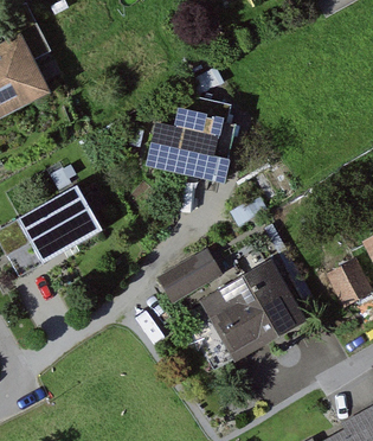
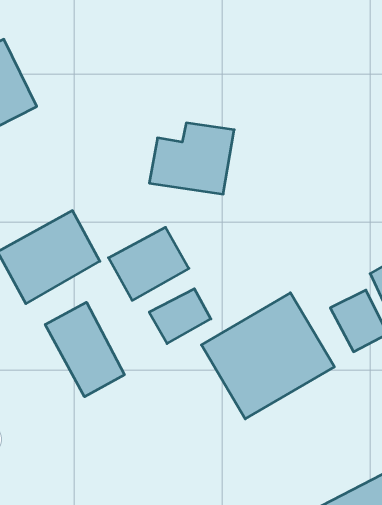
building: none -> [108,227,189,300]
building: none -> [45,302,124,397]

